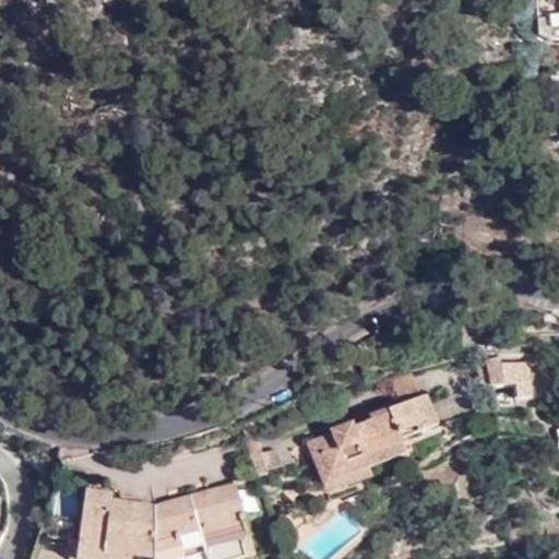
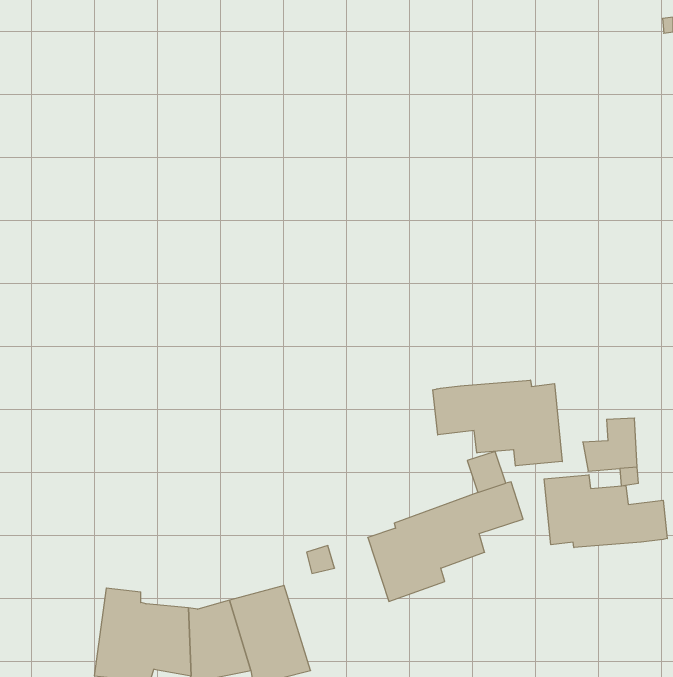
building: none -> [433,380,562,466]
building: none -> [544,475,667,548]

